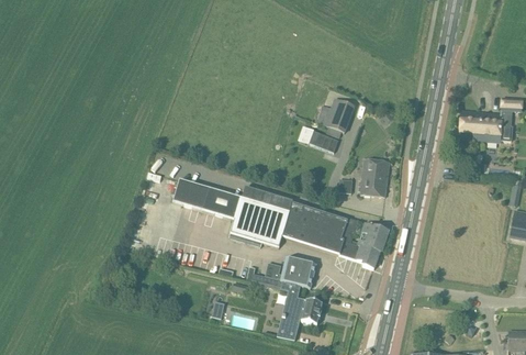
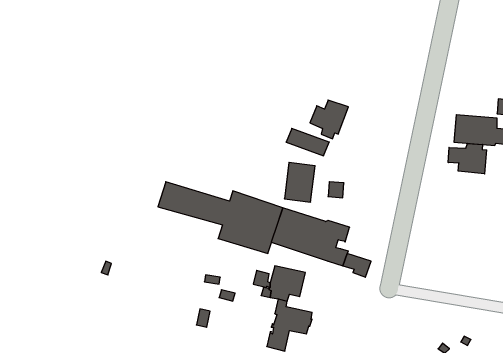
building: none -> [448,143,487,174]
building: [360,158,390,197] -> [284,162,315,202]
building: [357,223,389,254] -> none

